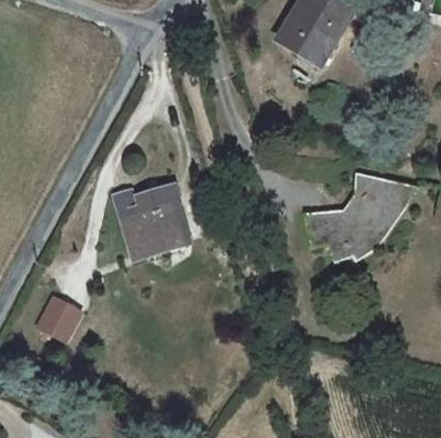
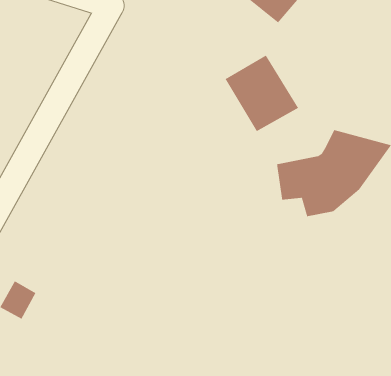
building: none -> [224,54,299,132]
building: [119,194,184,270] -> none

